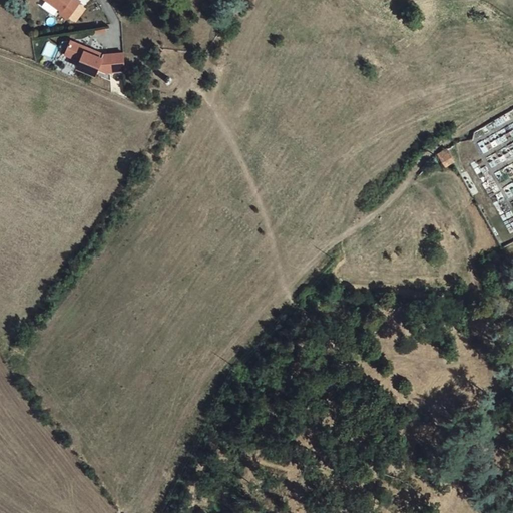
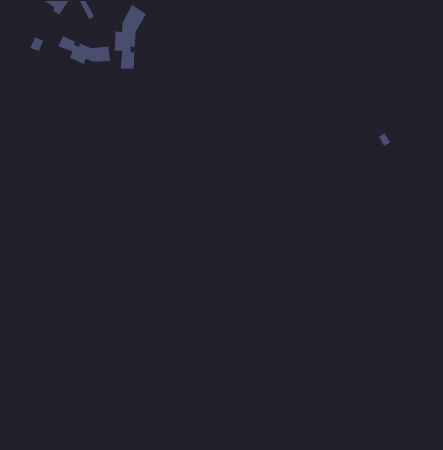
building: none -> [114,4,147,70]

